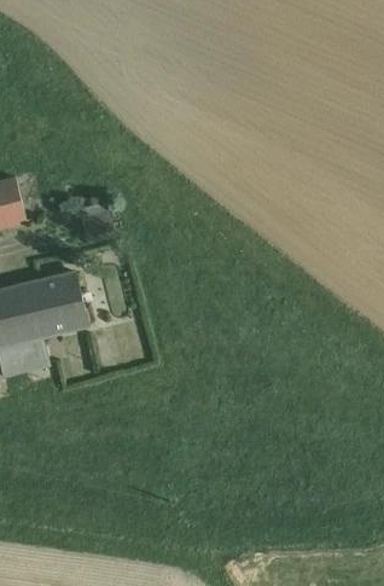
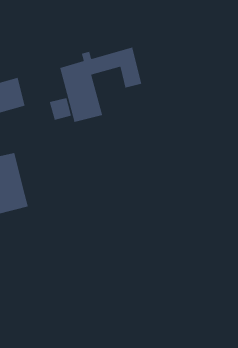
building: none -> [59,47,142,123]
building: [28,272,88,337] -> none

